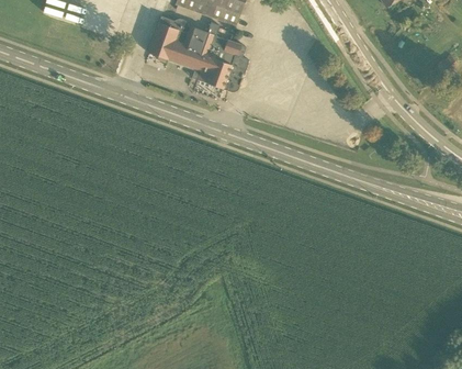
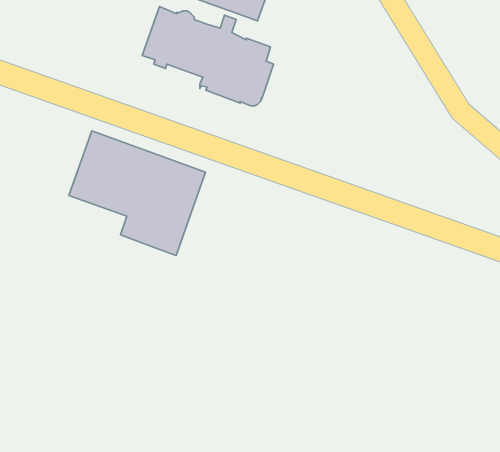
building: none -> [69,131,206,256]

